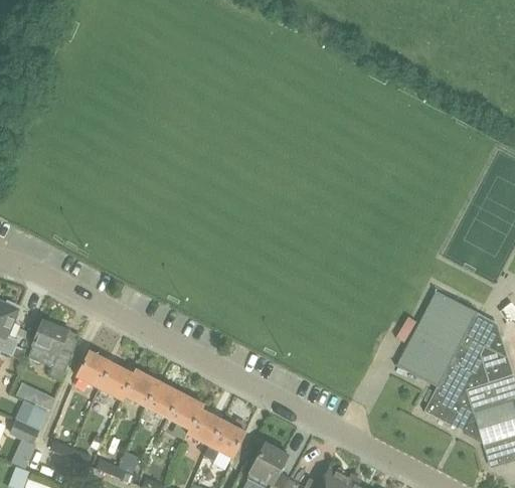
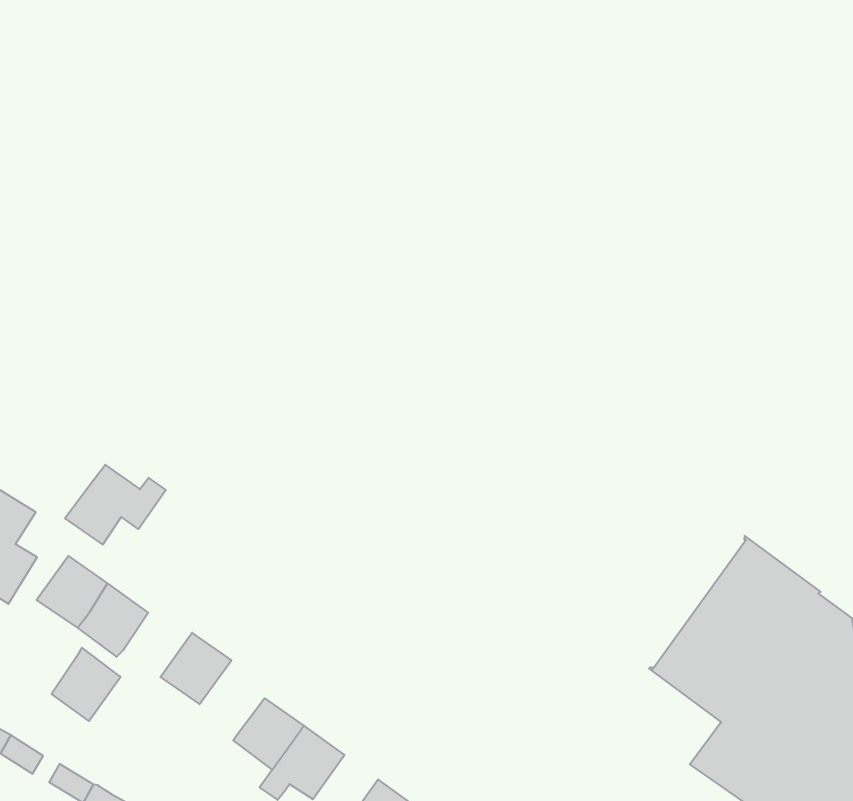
building: none -> [65,465,166,545]
building: [124,368,158,405] -> [52,648,121,721]
building: [167,391,203,429] -> none

